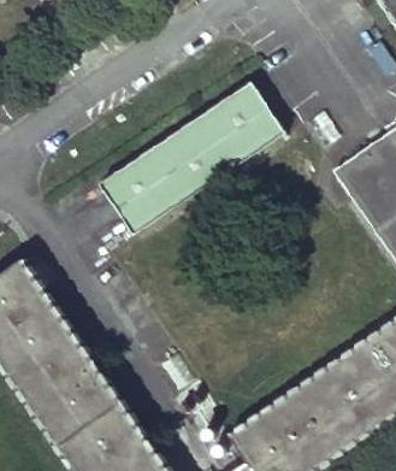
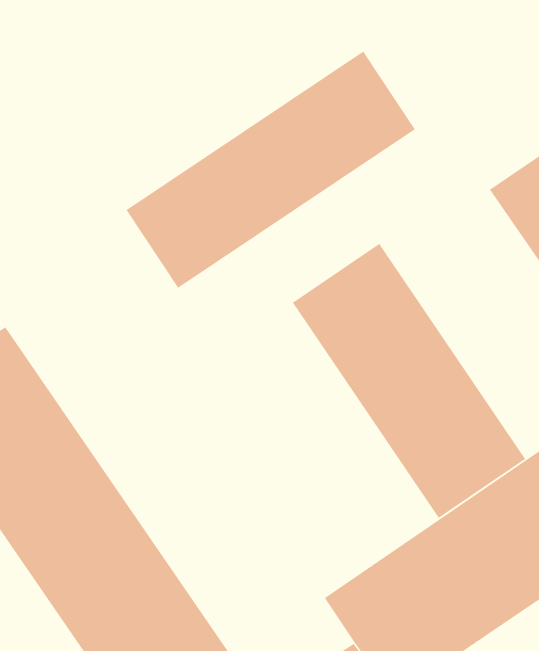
building: none -> [292,243,526,519]

